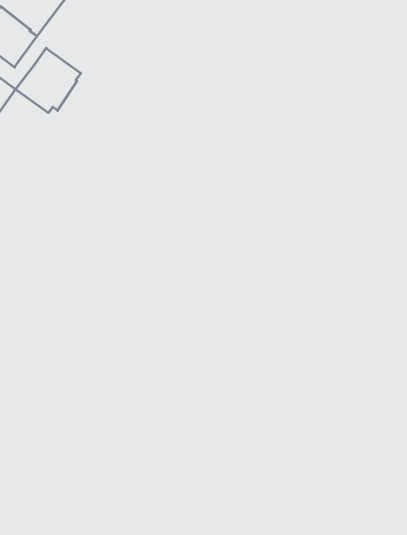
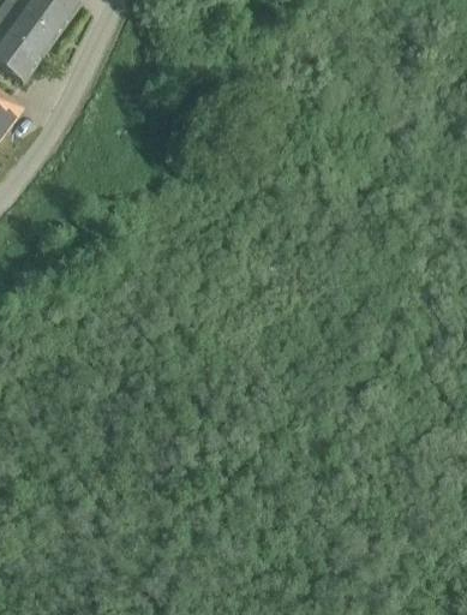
building: [16,48,81,113] -> none

